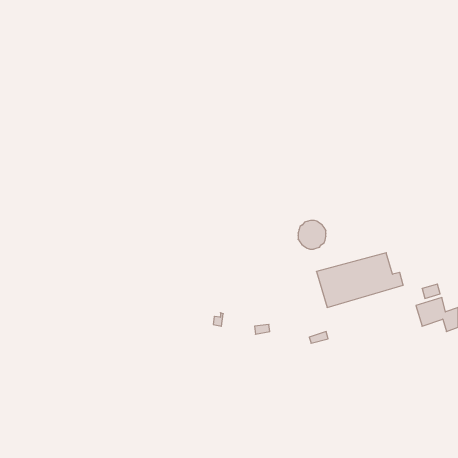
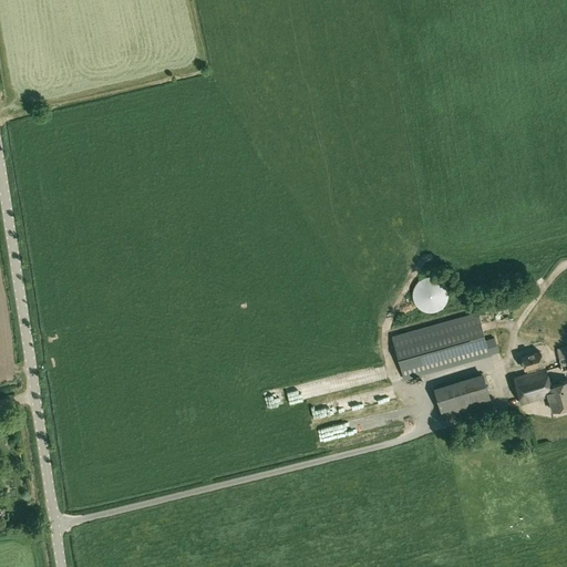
building: [298,220,326,249] -> [413,277,447,312]
building: none -> [433,373,492,420]

